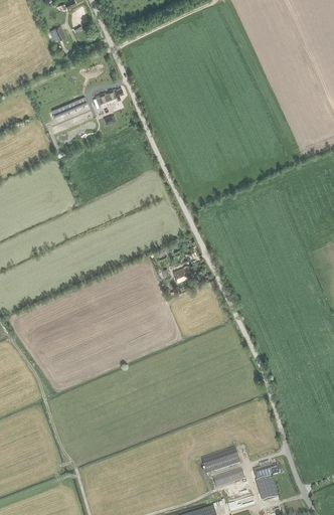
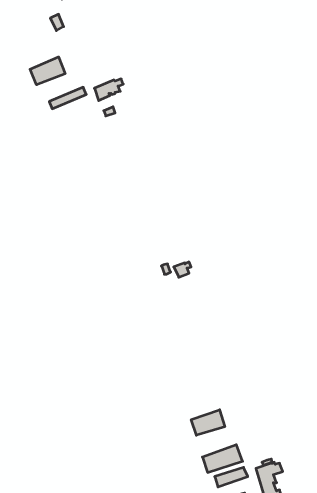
building: none -> [30,57,65,85]
building: none -> [191,410,225,435]

